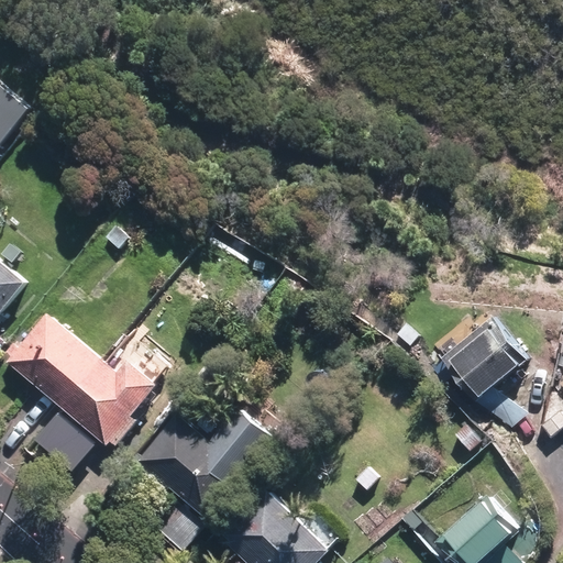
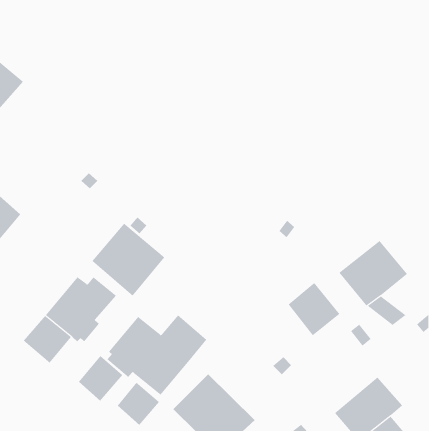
building: [4,316,100,411] -> [92,223,165,296]
building: none -> [288,282,340,336]
building: none -> [78,355,123,402]

